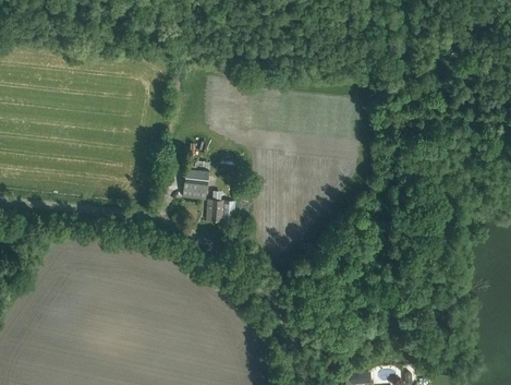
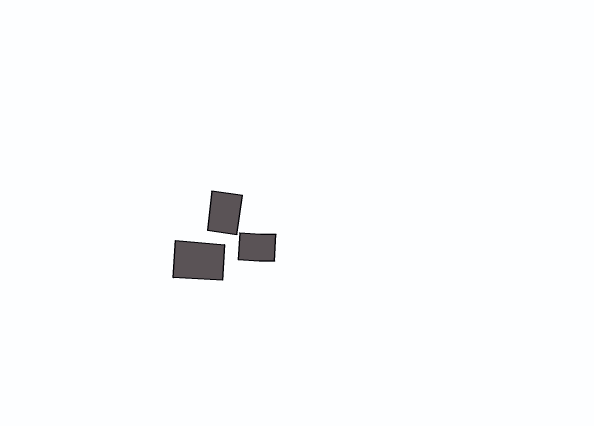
building: none -> [173,241,224,280]

